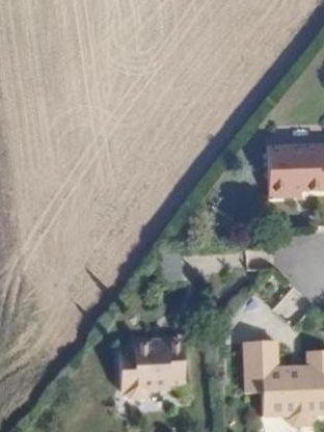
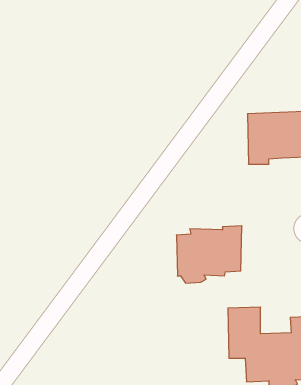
building: [118,338,185,396] -> [176,226,242,283]

